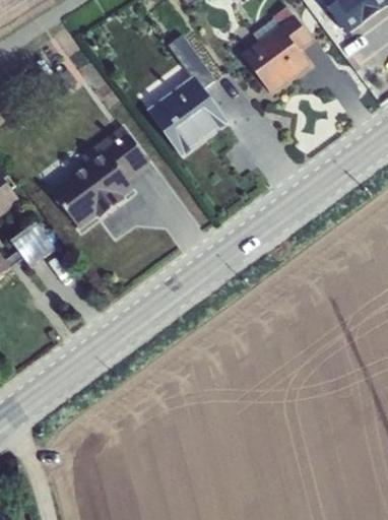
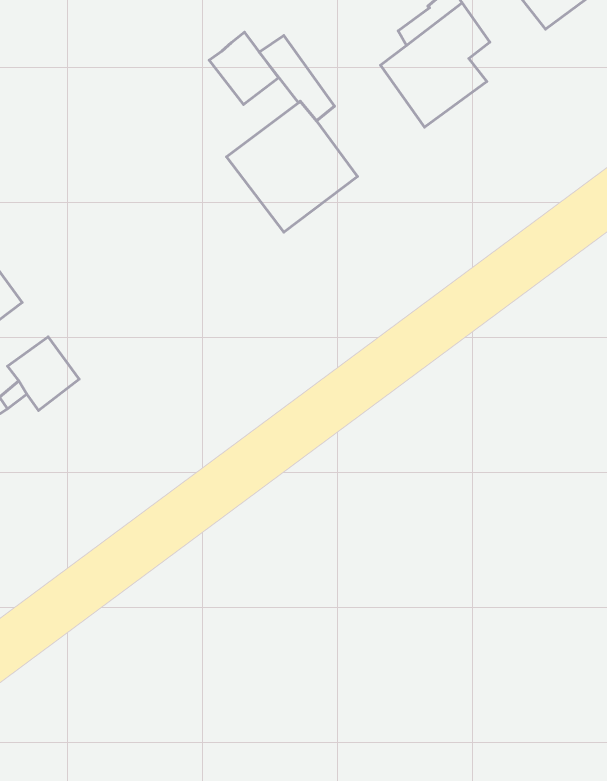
building: none -> [209,32,278,104]
building: [52,127,149,229] -> none

